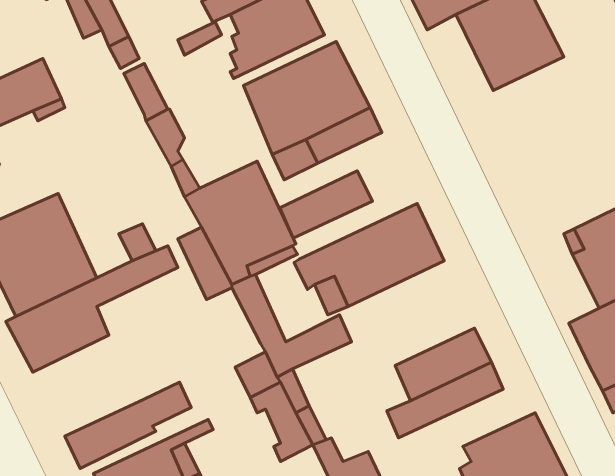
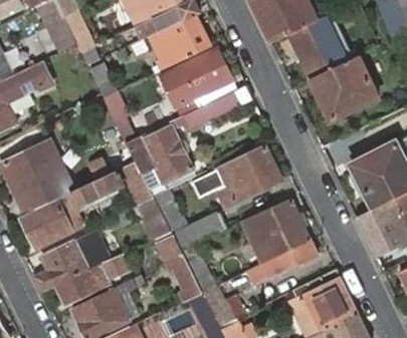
building: none -> [311,56,378,120]
building: [280,171,372,238] -> [244,203,299,243]
building: none -> [135,197,172,240]
building: none -> [34,234,103,292]

